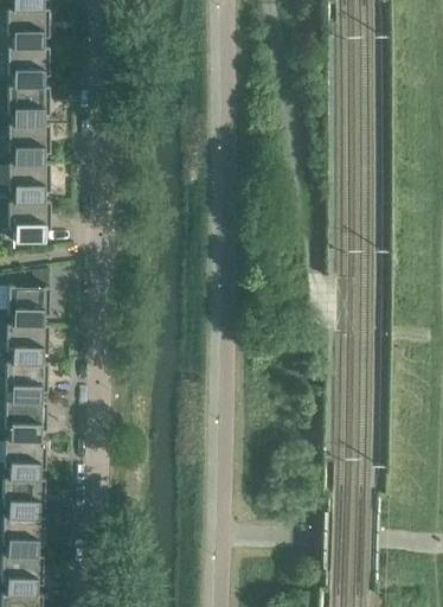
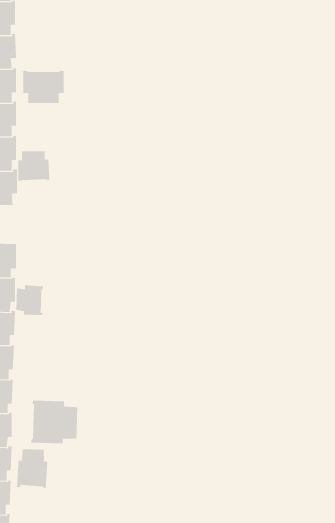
building: none -> [23,70,64,104]
building: none -> [18,150,50,182]
building: none -> [16,284,44,316]
building: none -> [31,400,78,444]
building: none -> [16,448,48,489]

